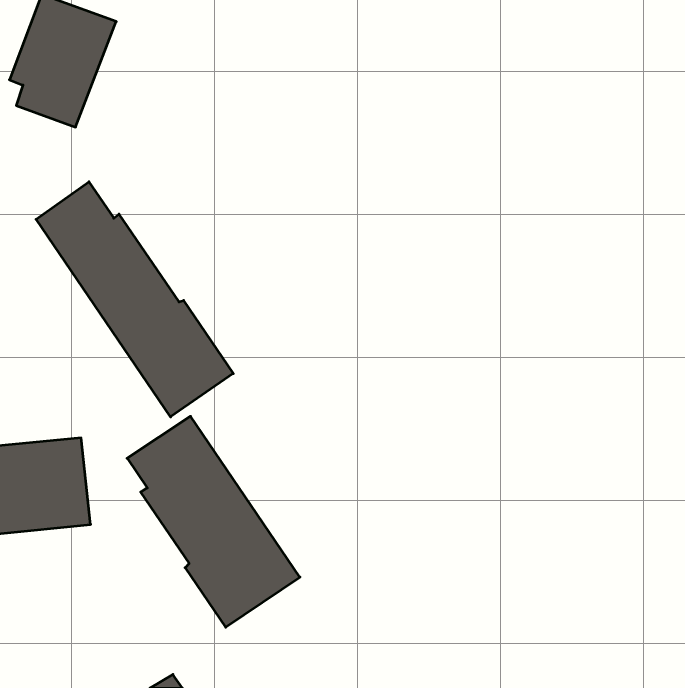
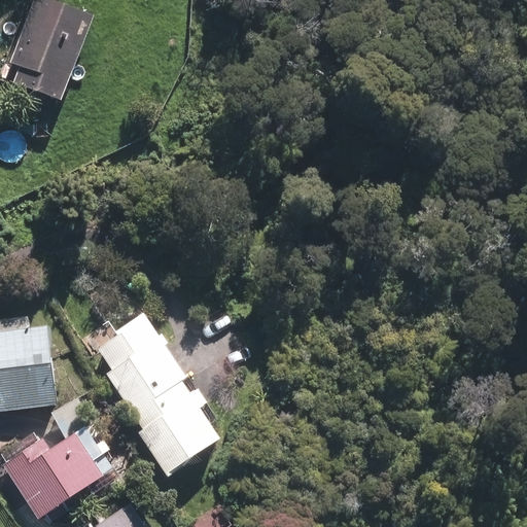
building: [36,182,233,417] -> none
building: none -> [6,428,93,512]

